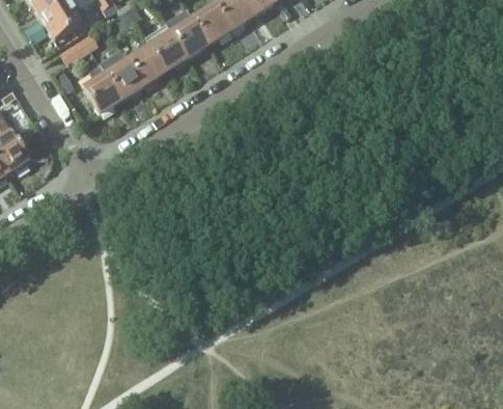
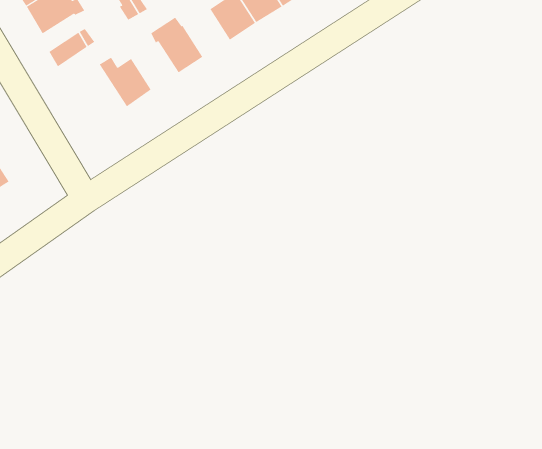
building: [170,19,208,58] -> none
building: [128,46,166,85] -> none
building: [84,64,123,113] -> none

